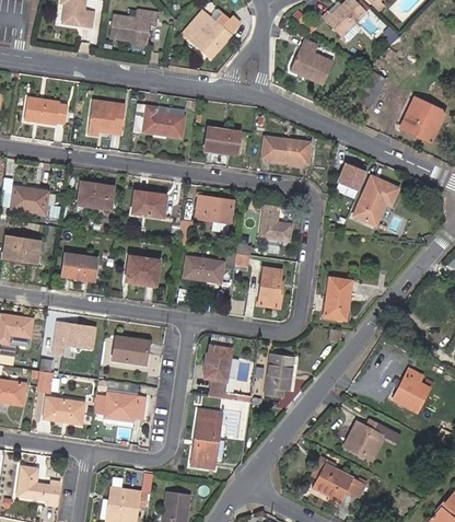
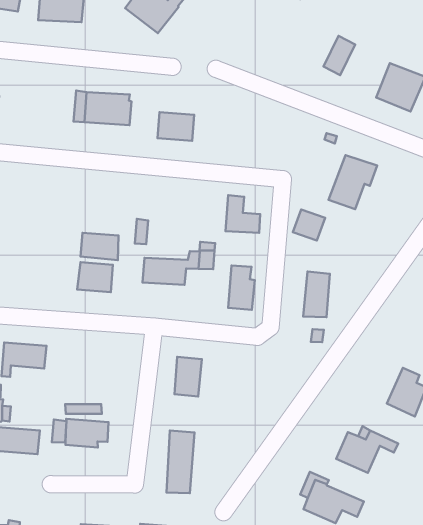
building: [291,39,335,86] -> none
building: [89,101,125,136] -> none
building: [264,138,311,164] -> none
building: [332,161,362,189] -> [293,209,325,241]
building: [78,183,113,208] -> none
building: [131,192,166,218] -> [80,233,119,260]
building: [197,197,233,222] -> none
building: [62,253,98,281] -> none
building: [114,337,149,364] -> none
building: [265,353,294,398] -> none

